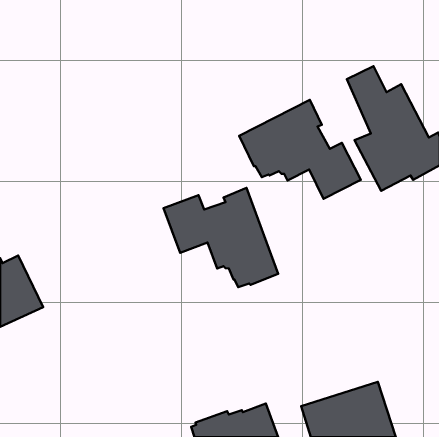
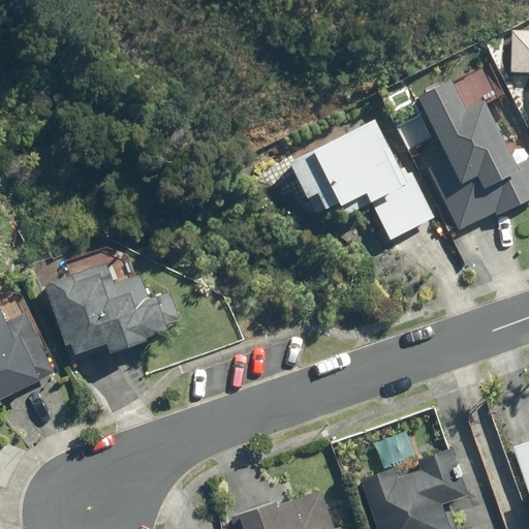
building: [164,188,278,287] -> none
building: none -> [42,263,180,362]

